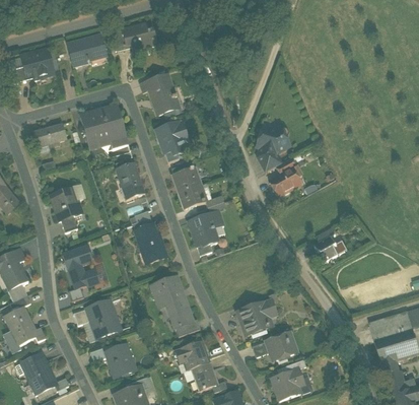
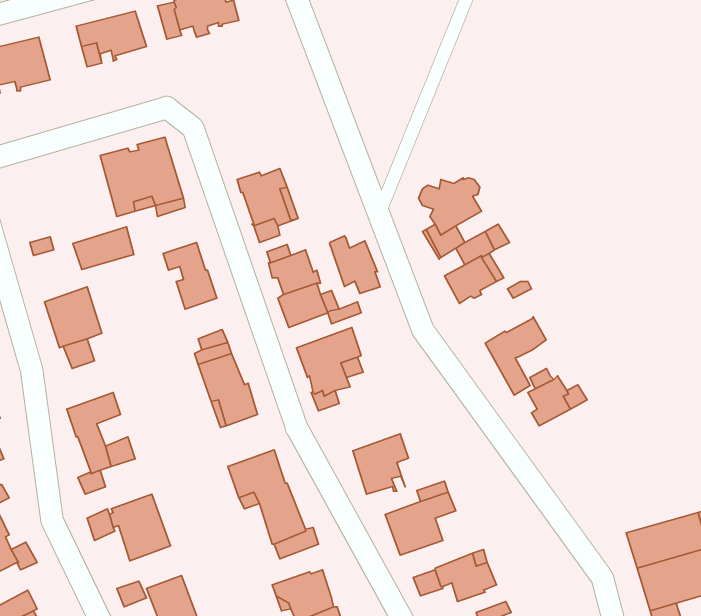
building: [141,74,184,115] -> none
building: [33,123,67,146] -> [73,227,134,269]
building: none -> [329,236,380,293]
building: none -> [485,317,546,395]
building: none -> [353,434,409,494]

